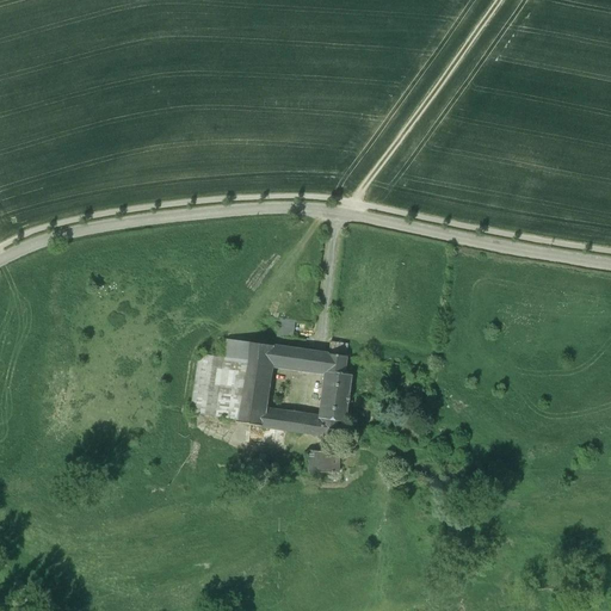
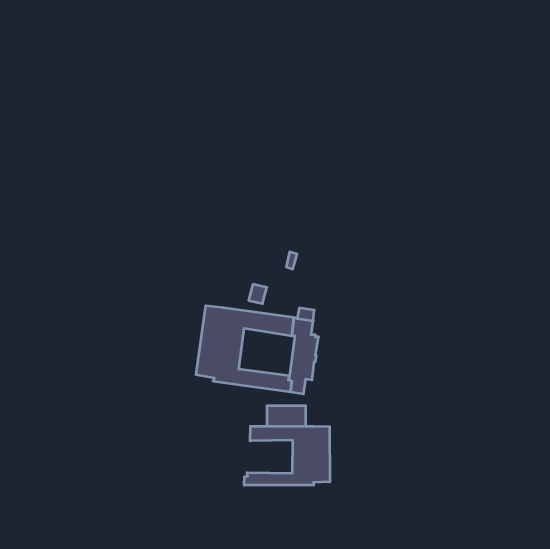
building: none -> [244,426,330,485]

